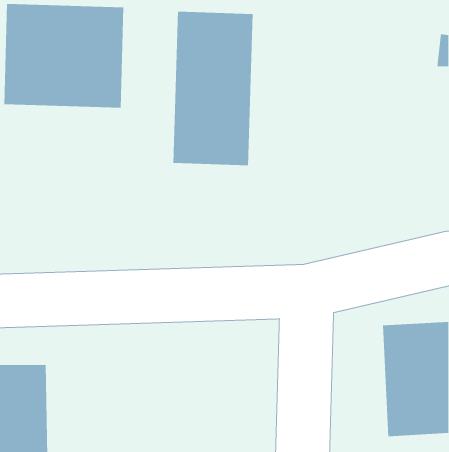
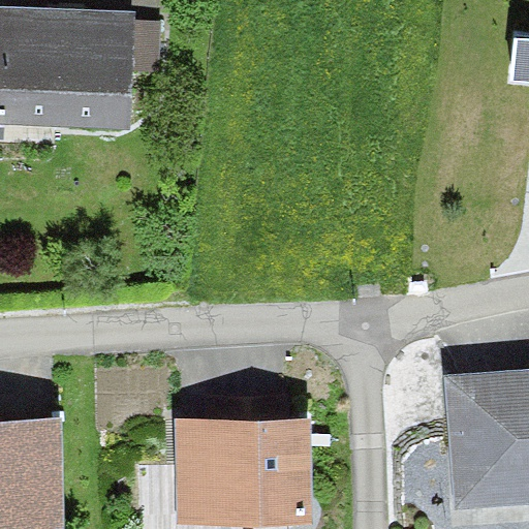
building: [173,11,253,166] -> none
building: none -> [184,415,323,523]

